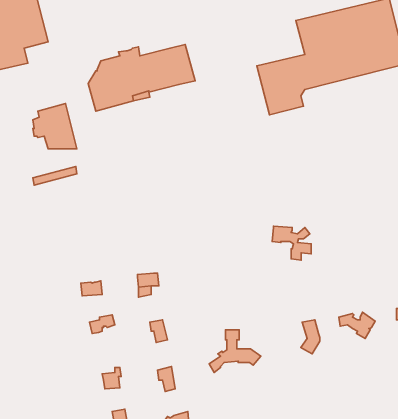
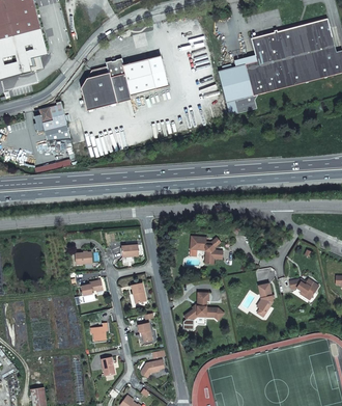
building: [272,226,311,260] -> [190,235,222,263]

